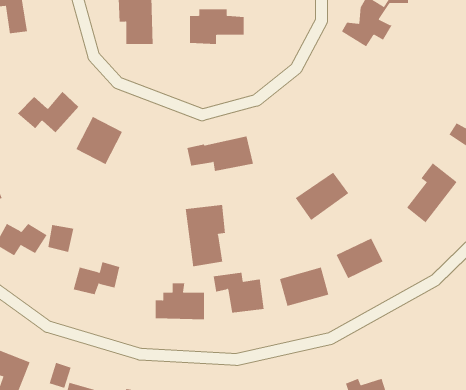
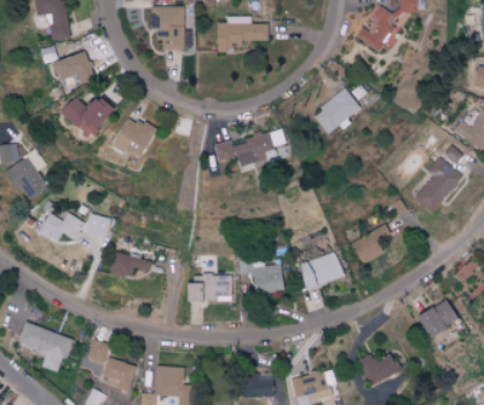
building: none -> [51,51,94,83]
building: [295,172,349,221] -> [312,89,362,134]
building: [185,204,226,267] -> none
building: none -> [416,300,457,337]

